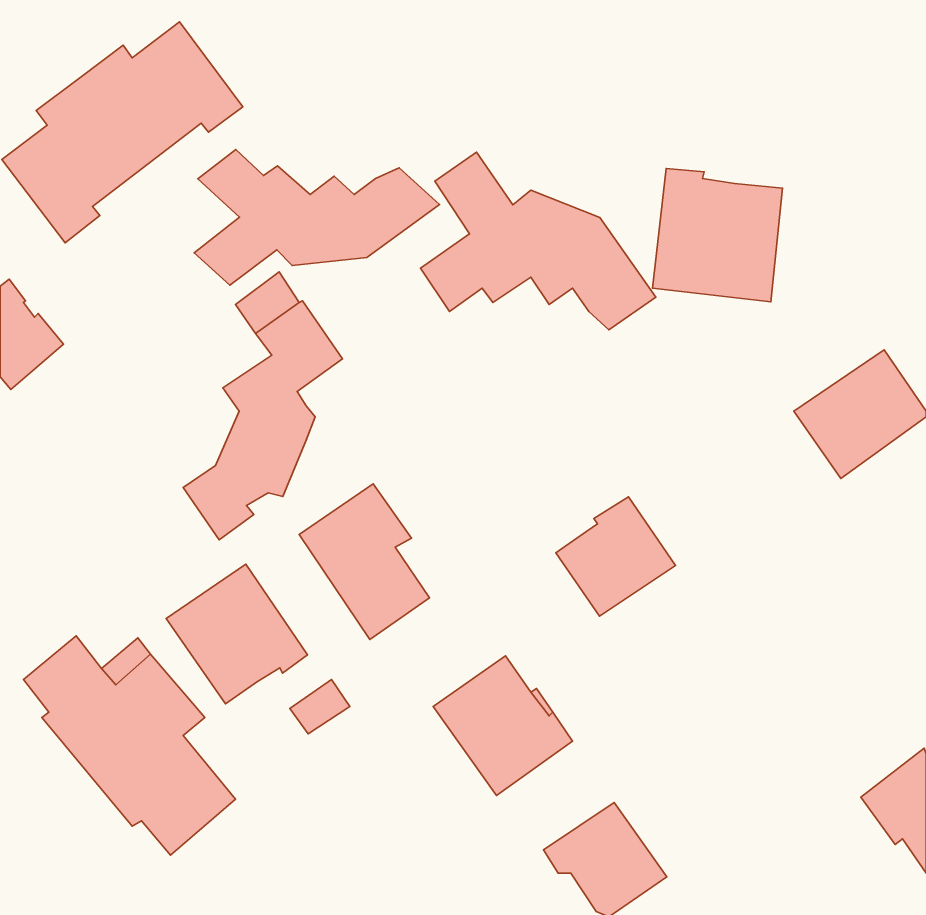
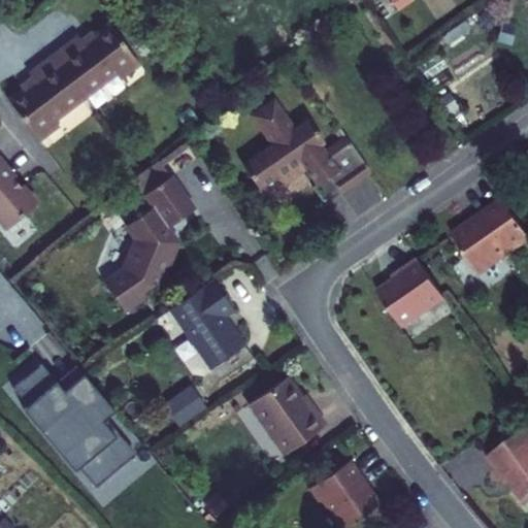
building: [194,149,440,285] -> none
building: [652,168,783,302] -> none
building: [556,497,675,616] -> [378,262,447,330]
building: [166,564,308,704] -> none

